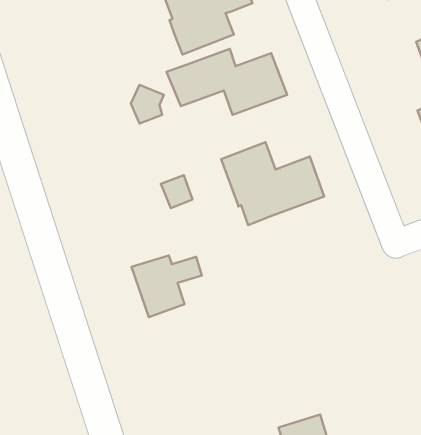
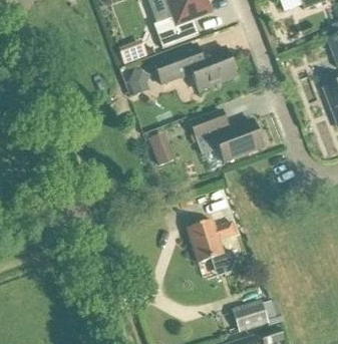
building: [132,256,202,317] -> [187,220,236,263]

